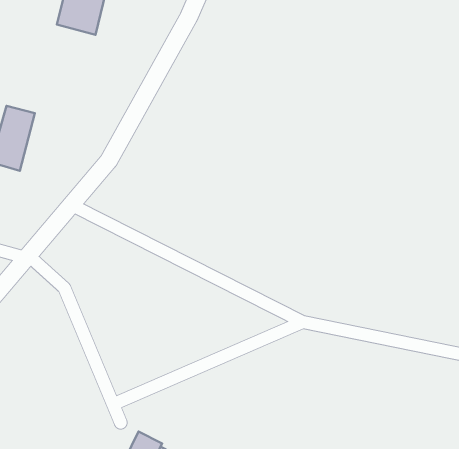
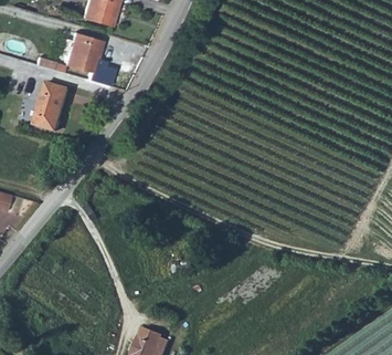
building: none -> [66,32,103,71]

